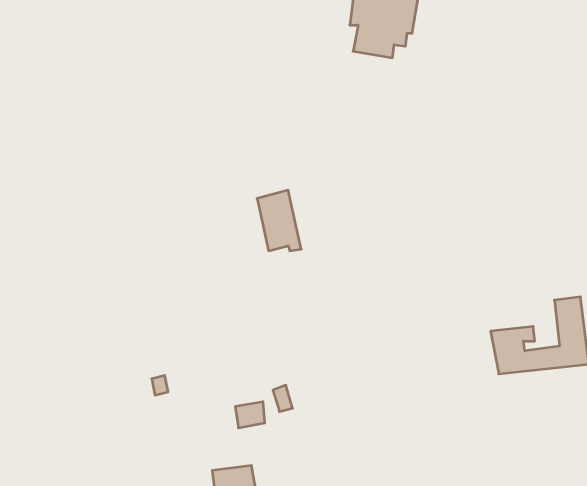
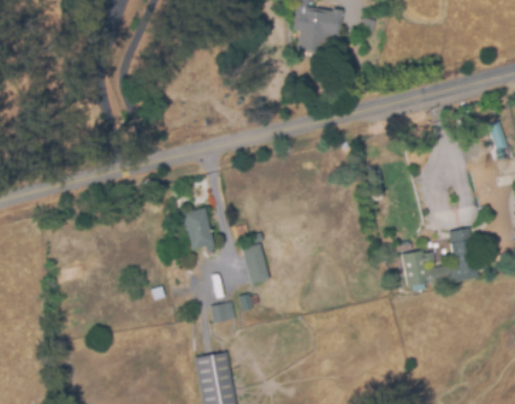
building: [257,190,301,251] -> [187,204,219,249]
building: none -> [241,244,267,284]

